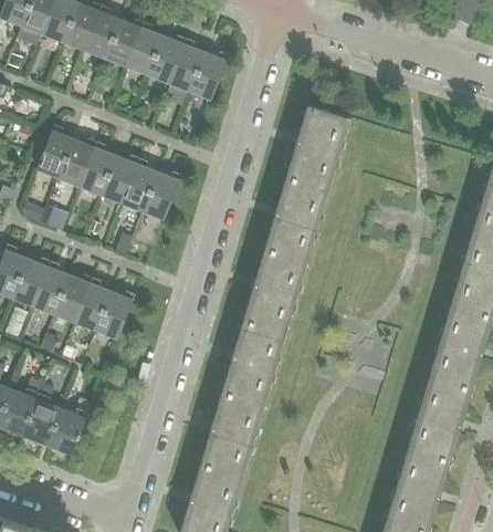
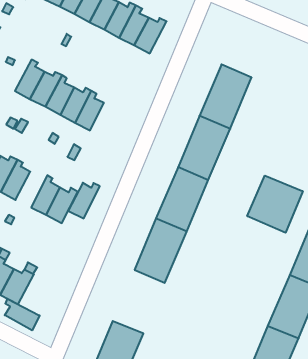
building: [143,171,181,220] -> none
building: none -> [247,176,303,233]
building: [53,274,92,323] -> [68,183,100,218]
building: [200,392,264,476] -> none
building: none -> [5,299,40,330]

